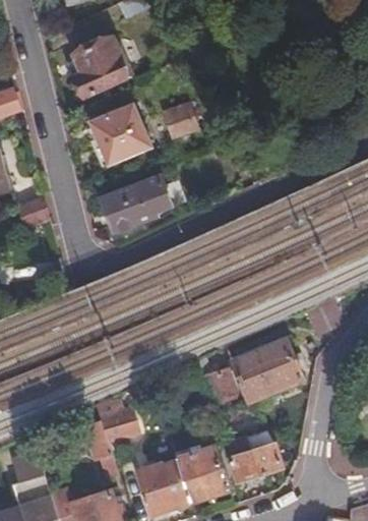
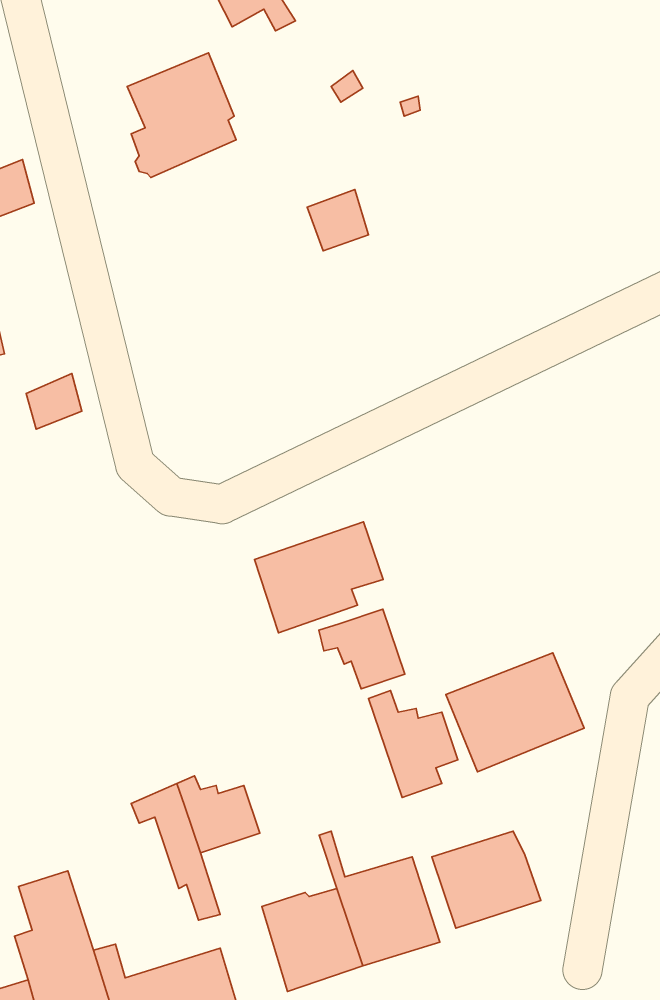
building: [87,102,148,166] -> none
building: [102,174,168,231] -> [255,522,383,633]
building: none -> [319,609,405,689]

